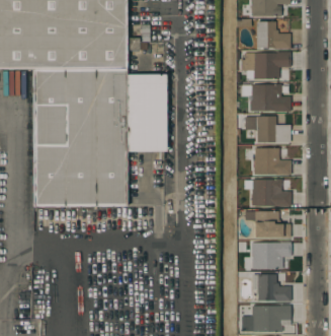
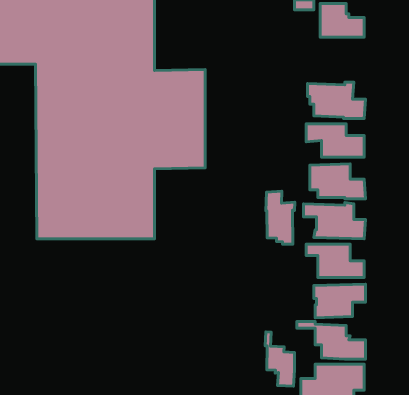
building: [238,52,291,79] -> none
building: none -> [266,191,295,244]
building: none -> [265,332,294,386]

